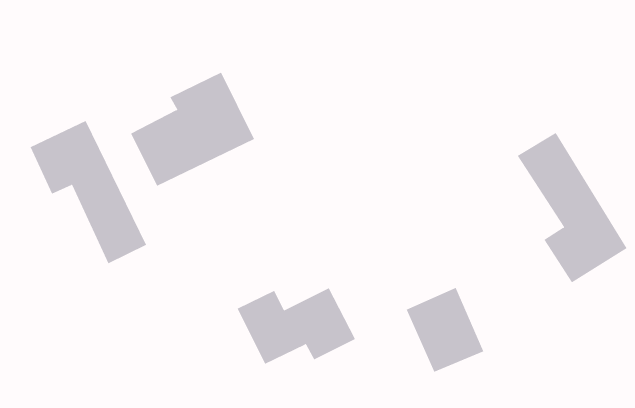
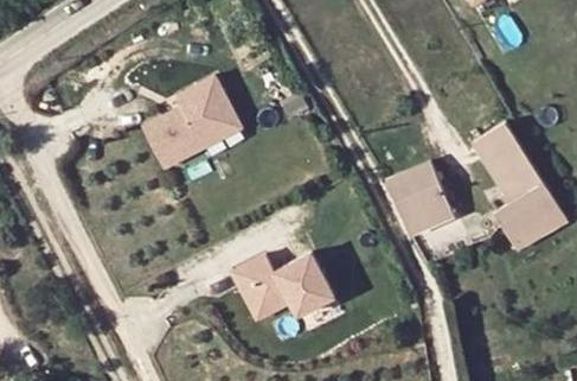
building: [30,120,147,264] -> none
building: [406,287,484,373] -> [386,161,453,234]

